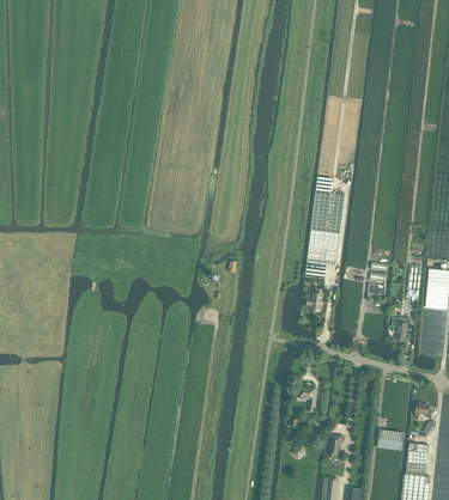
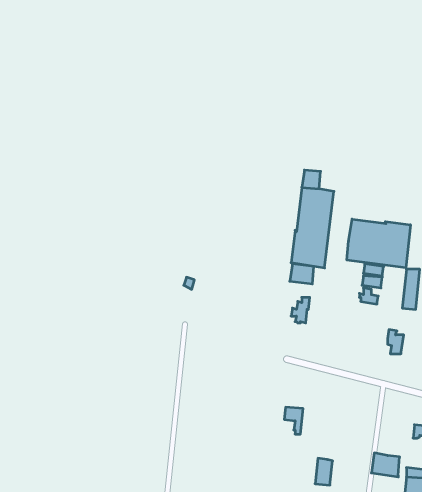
building: none -> [347,219,410,268]

